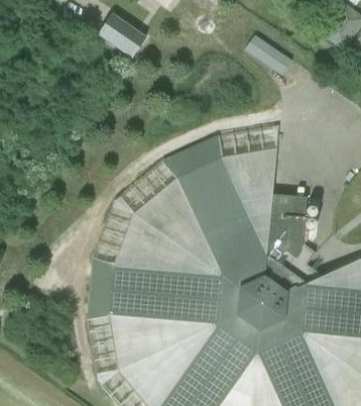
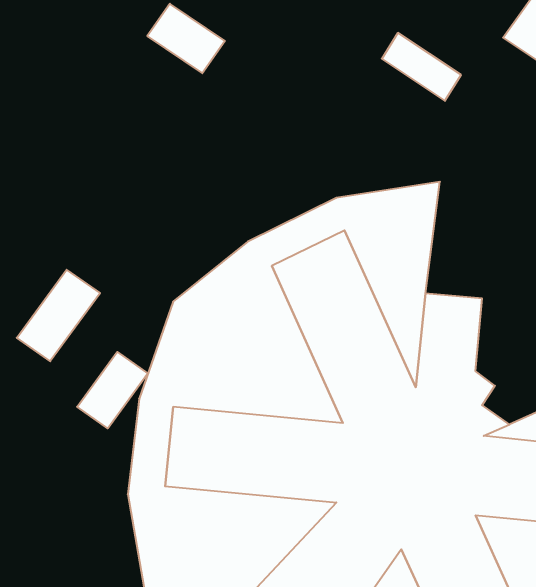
building: none -> [17,270,100,361]
building: none -> [77,352,148,428]

